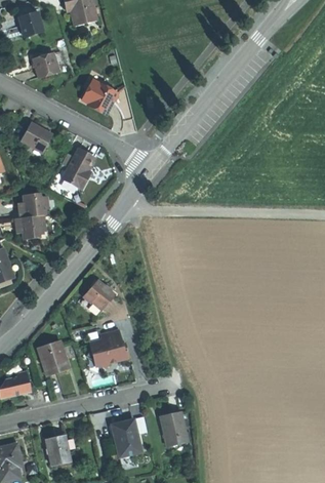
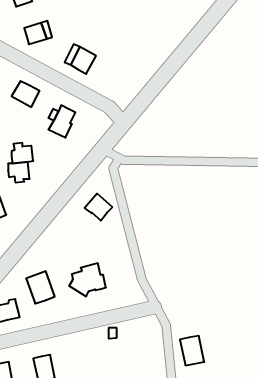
building: [82,280,114,311] -> [85,194,112,221]
building: [159,412,187,446] -> [180,336,204,365]
building: [112,419,140,456] -> none

